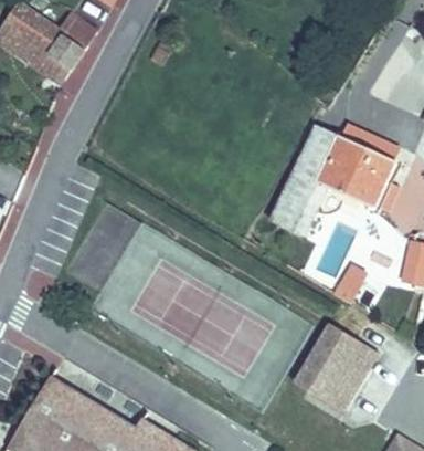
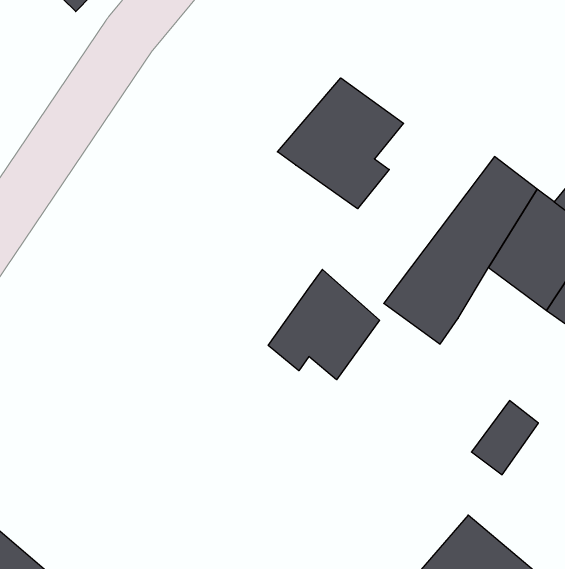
building: none -> [277,78,404,209]
building: none -> [268,269,380,380]

